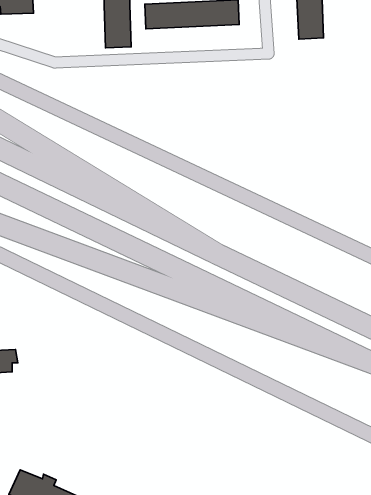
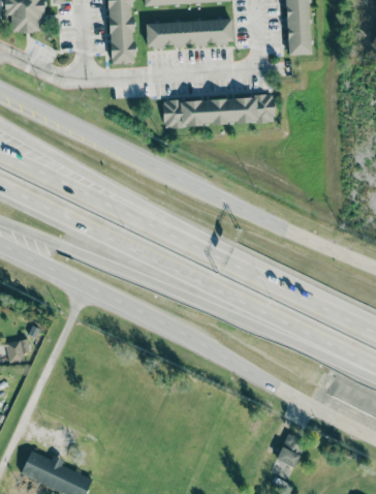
building: none -> [163,96,275,127]
building: none -> [277,436,306,468]

